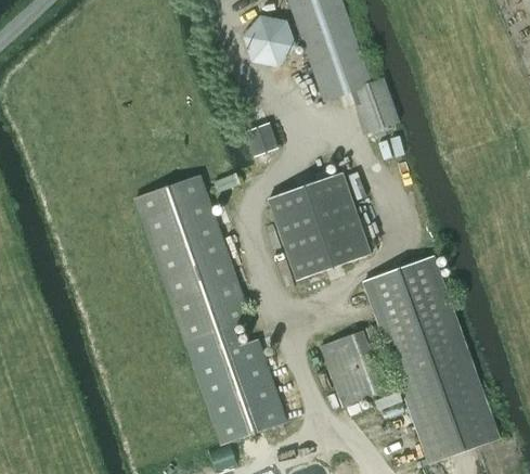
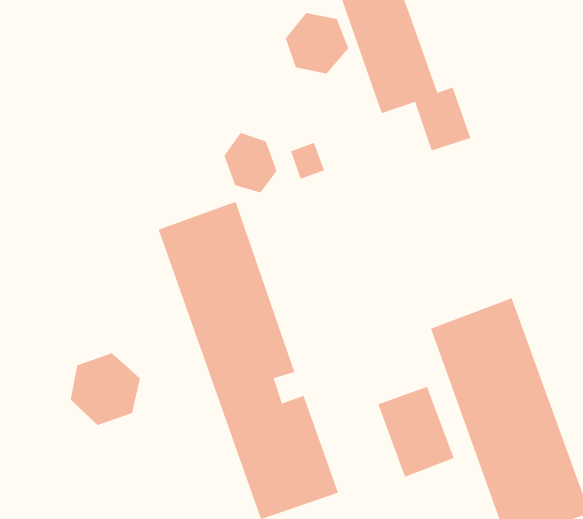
building: none -> [224,132,277,193]
building: [268,172,370,280] -> none
building: none -> [70,352,140,426]

